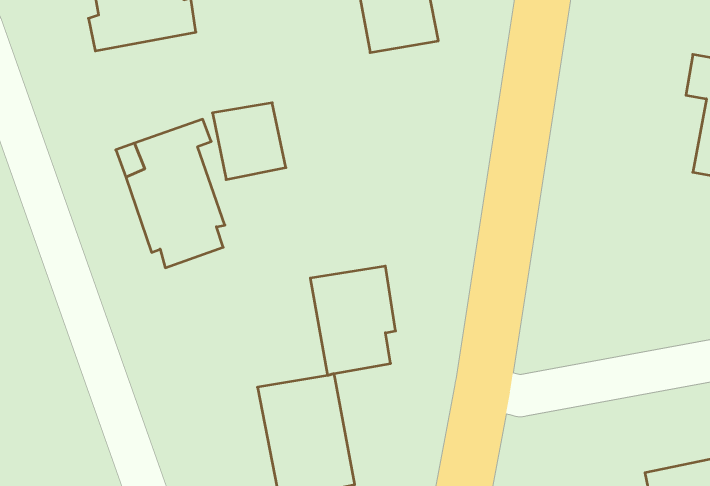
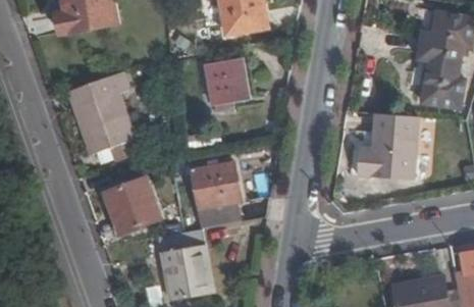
building: [212,103,286,180] -> [204,59,248,105]
building: none -> [357,112,419,180]
building: none -> [109,186,159,233]

